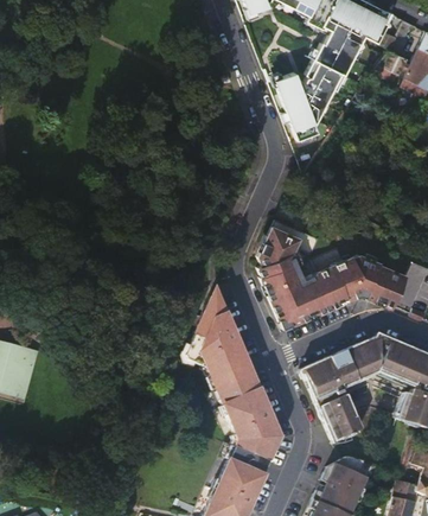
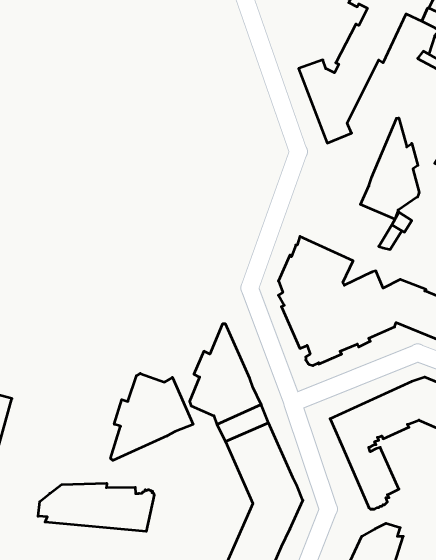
building: none -> [360,118,419,219]
building: none -> [111,373,193,460]
building: none -> [38,483,154,531]

